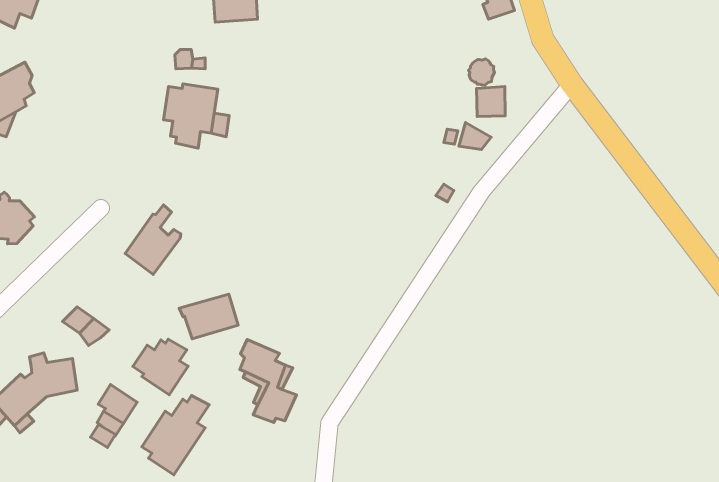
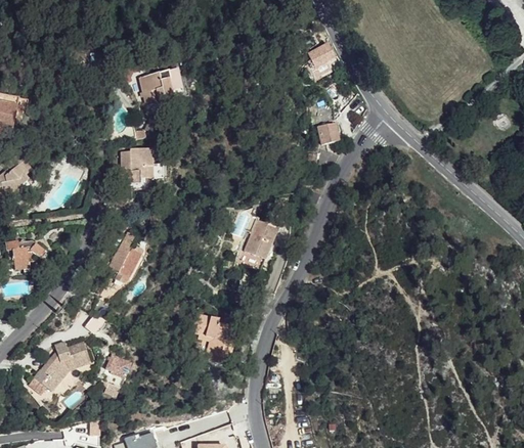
building: none -> [244,220,276,259]
building: [179,294,238,339] -> none
building: [133,339,188,395] -> none
building: [142,396,209,475] -> none

